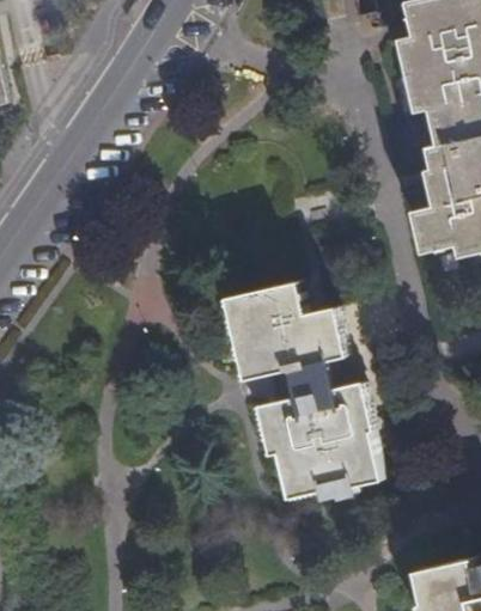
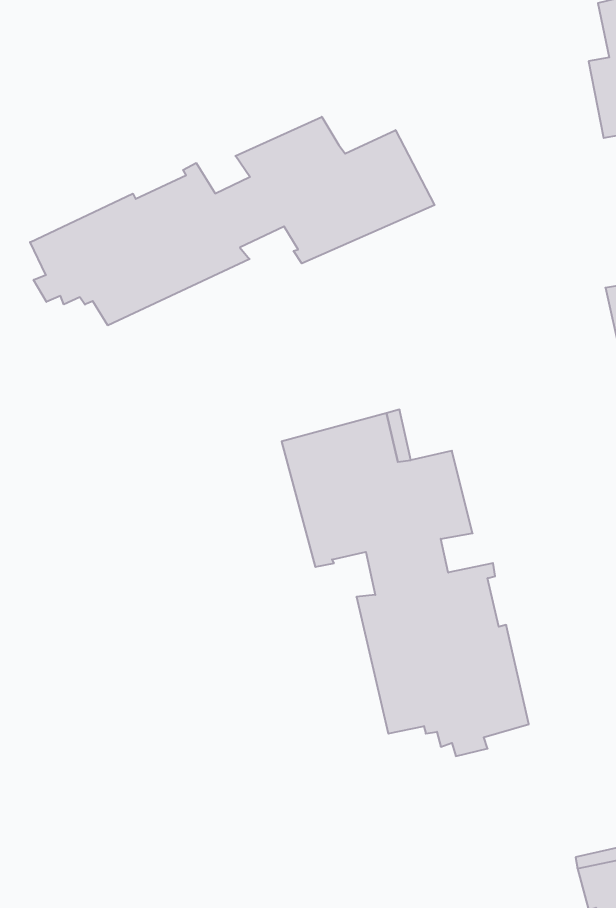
building: none -> [30,117,435,325]

